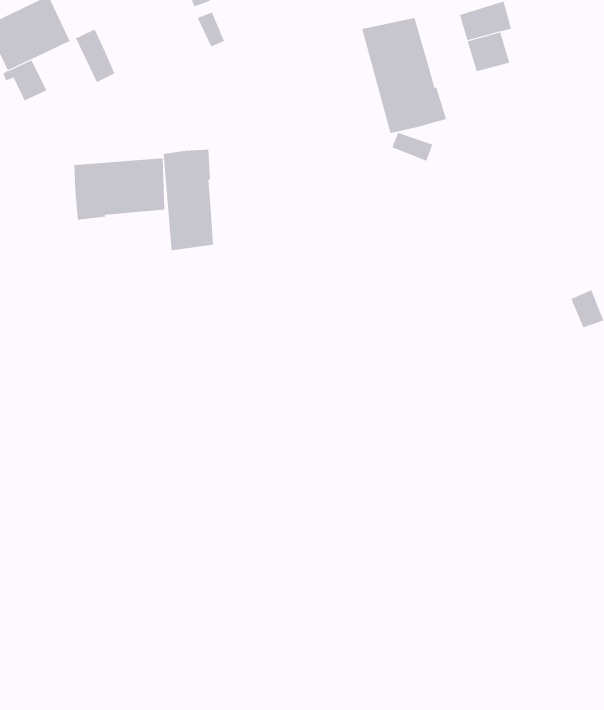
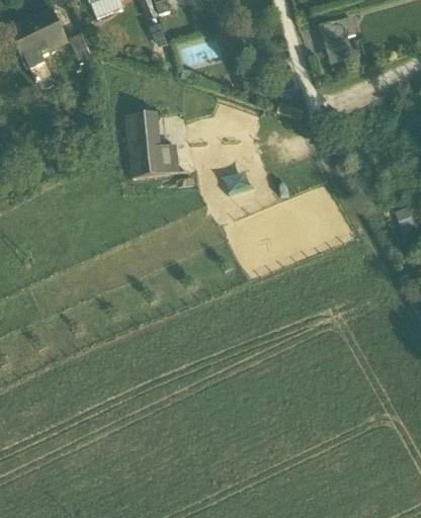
building: [361,17,447,134] -> none
building: [74,157,165,221] -> none
building: none -> [158,145,177,174]

